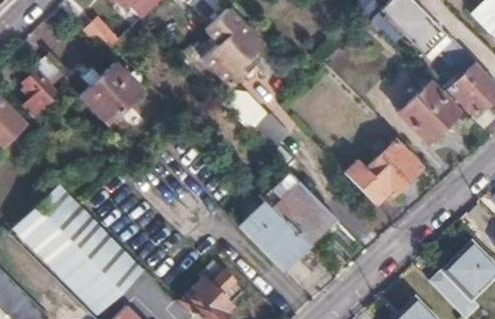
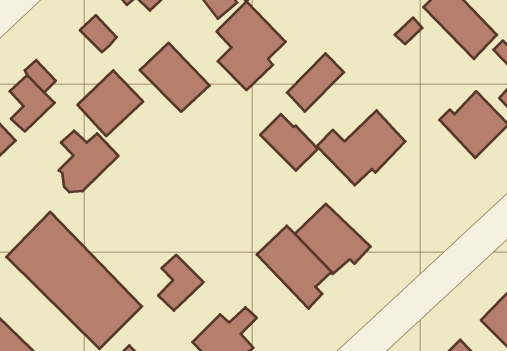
building: none -> [140,43,210,112]
building: none -> [287,53,344,112]
building: none -> [59,131,118,192]
building: [343,141,420,206] -> [317,110,405,185]
building: none -> [158,255,203,311]

